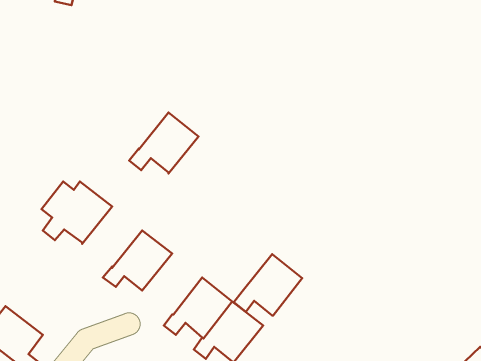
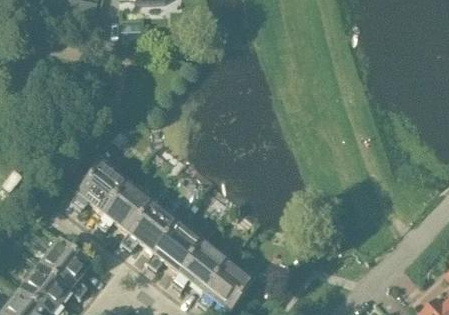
building: [129,112,199,174] -> [95,181,153,232]
building: [234,254,302,315] -> [146,220,203,271]
building: none -> [39,238,90,296]

